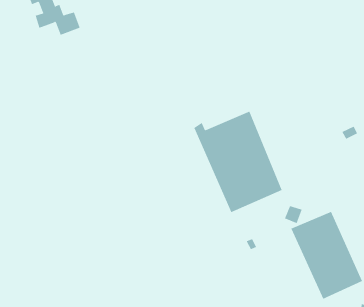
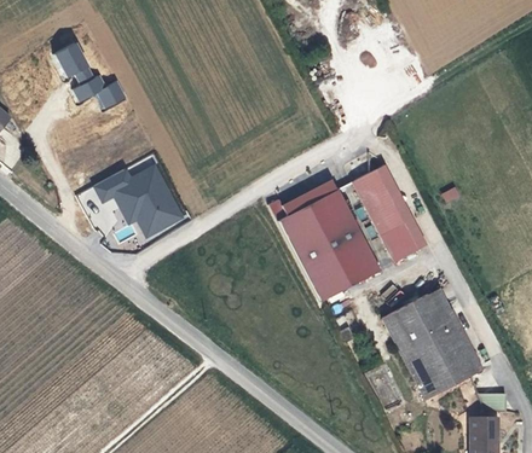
building: none -> [77,157,186,242]
building: none -> [353,164,426,261]

